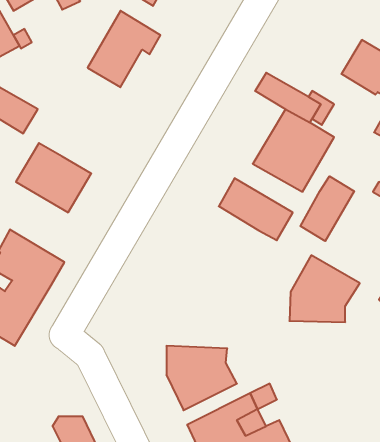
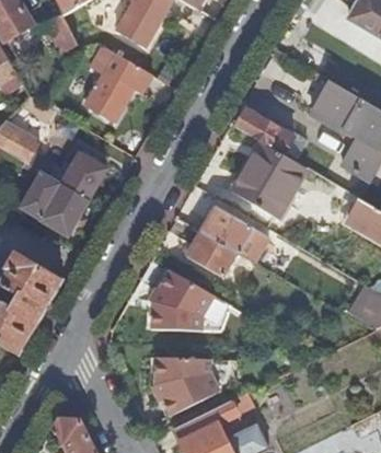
building: none -> [61,153,106,200]
building: [300,176,354,241] -> none
building: none -> [187,230,239,276]
building: [289,255,360,322] -> [151,269,215,329]

